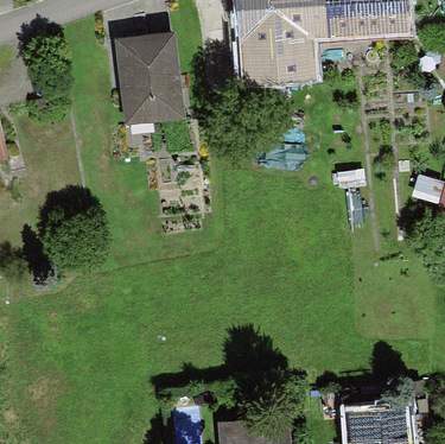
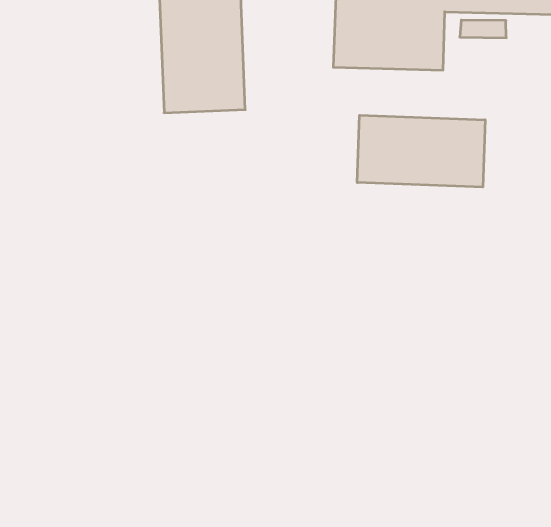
building: none -> [357,115,485,187]

